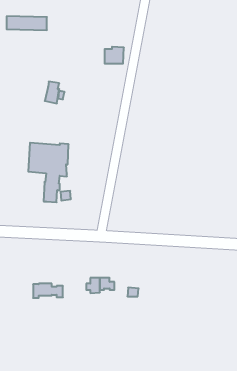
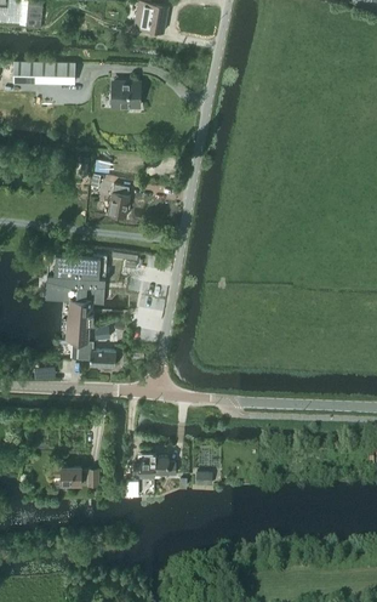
building: [105,47,124,64] -> [110,81,139,107]
building: [45,82,59,103] -> [107,184,128,217]
building: none -> [70,341,115,367]

